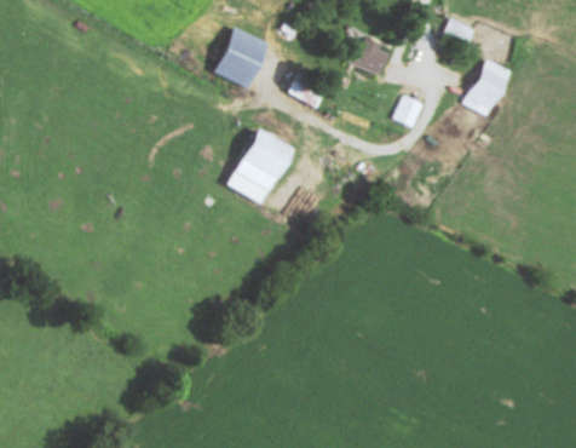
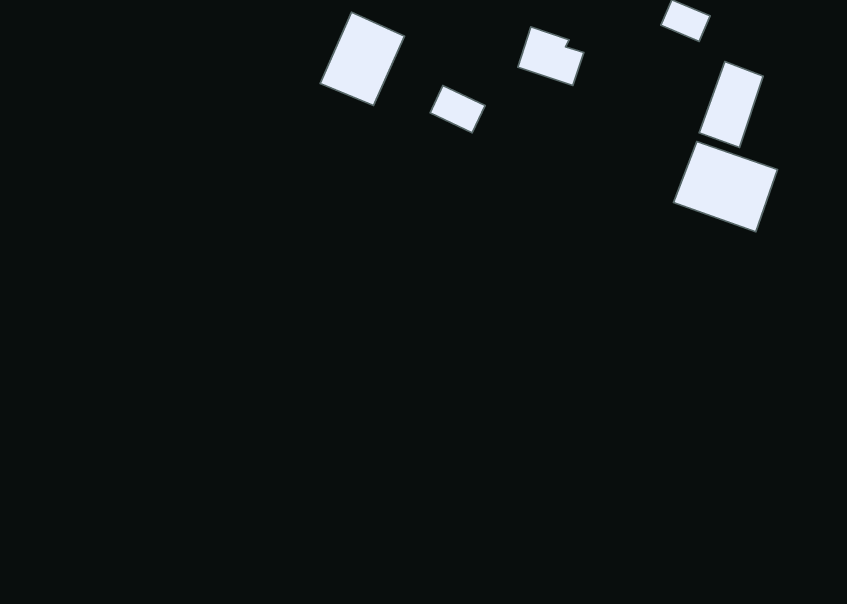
building: [392,94,422,127] -> none
building: none -> [674,141,778,232]
building: [229,128,295,205] -> none

